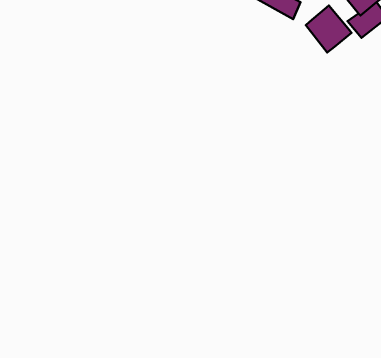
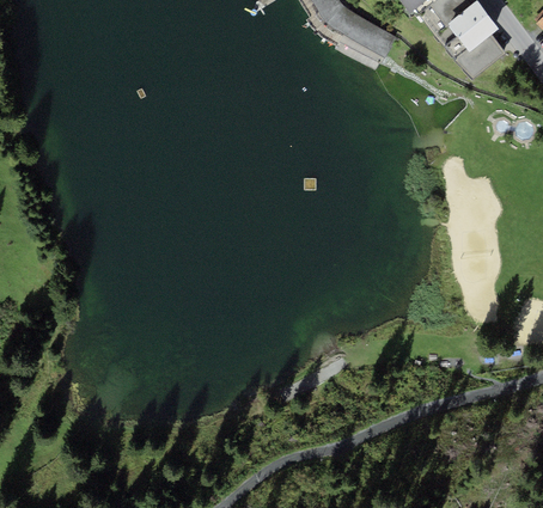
building: [306,5,351,53] -> none

